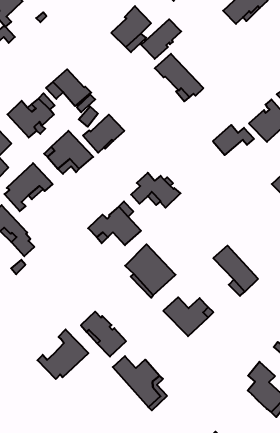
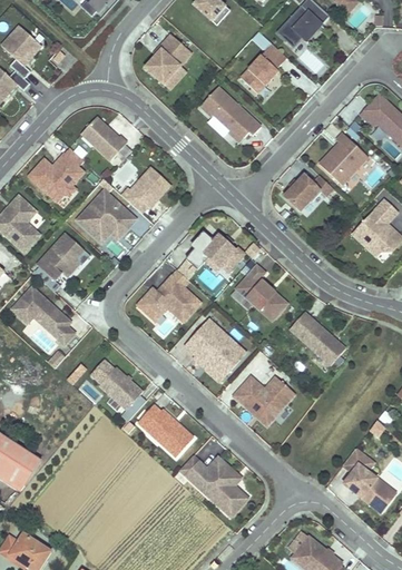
building: [141,19,181,59] -> [239,43,286,92]
building: none -> [229,264,286,321]
building: none -> [100,367,143,409]
building: [37,329,88,379] -> none

